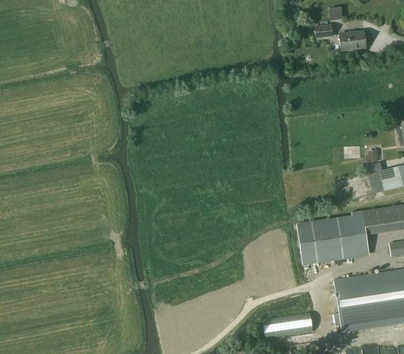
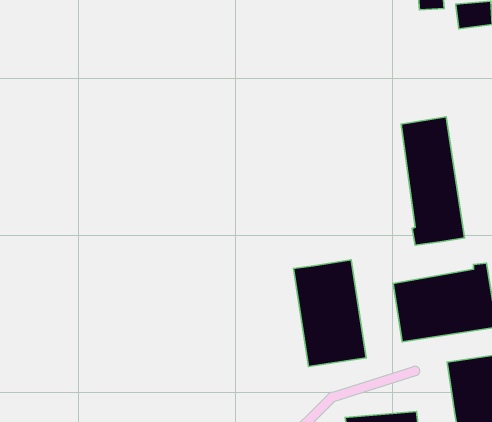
building: none -> [401,117,465,245]
building: none -> [293,260,366,366]

